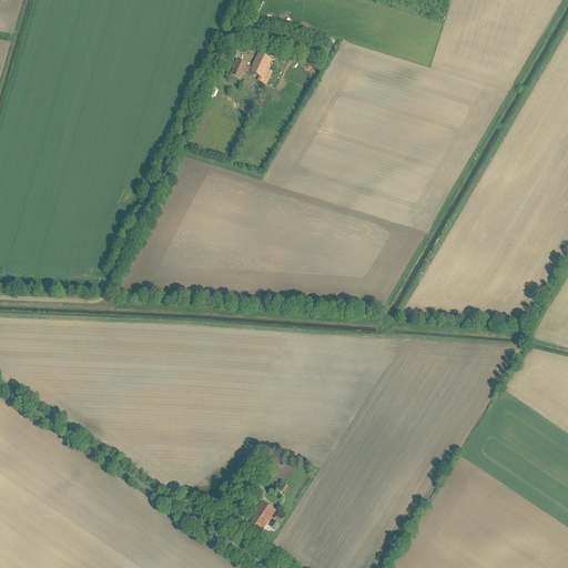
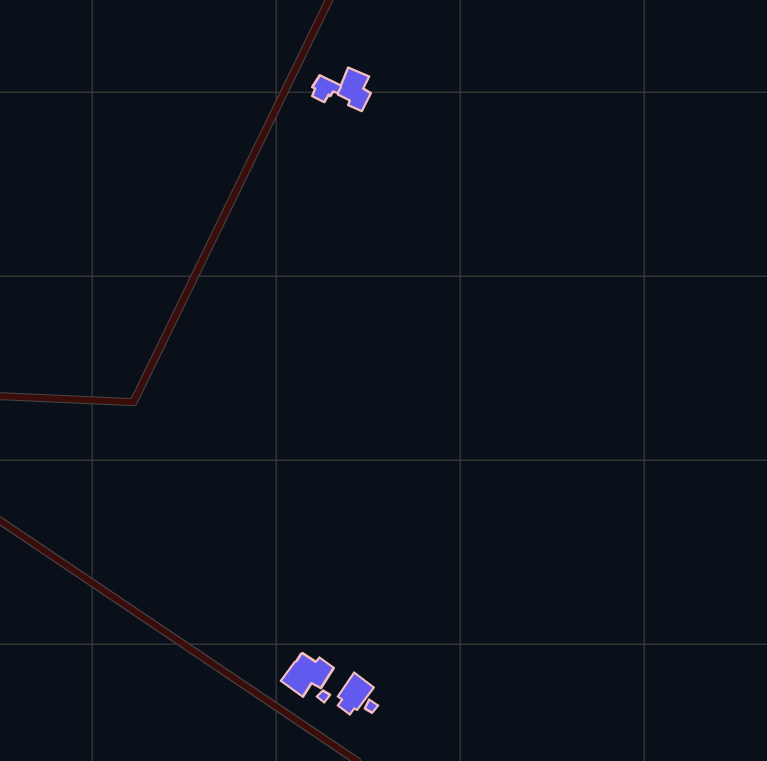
building: none -> [281,653,334,697]

